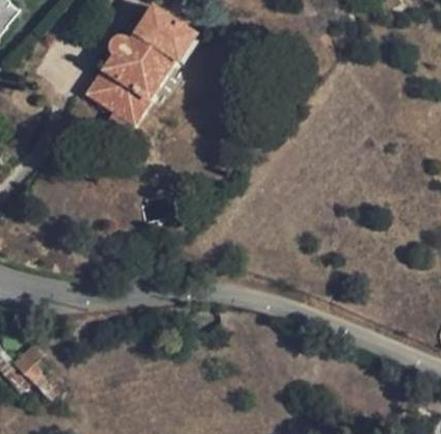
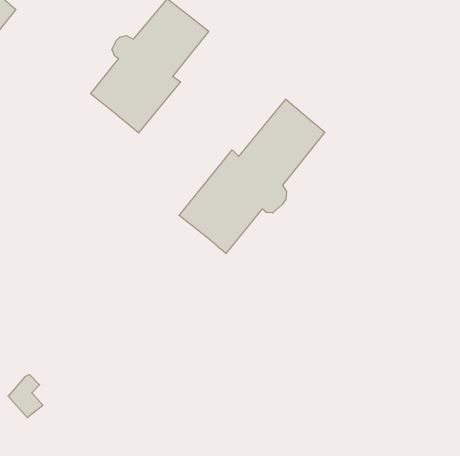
building: none -> [179,99,325,254]

